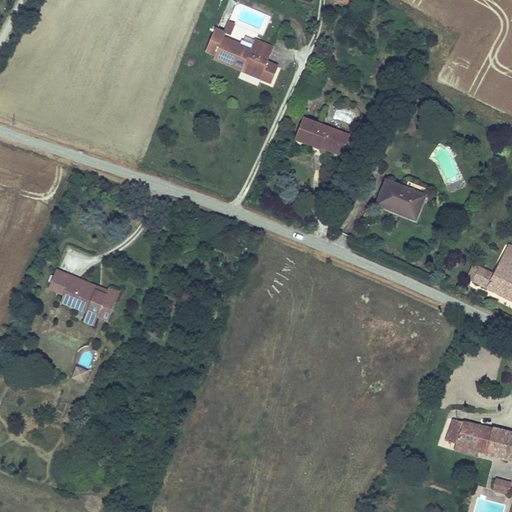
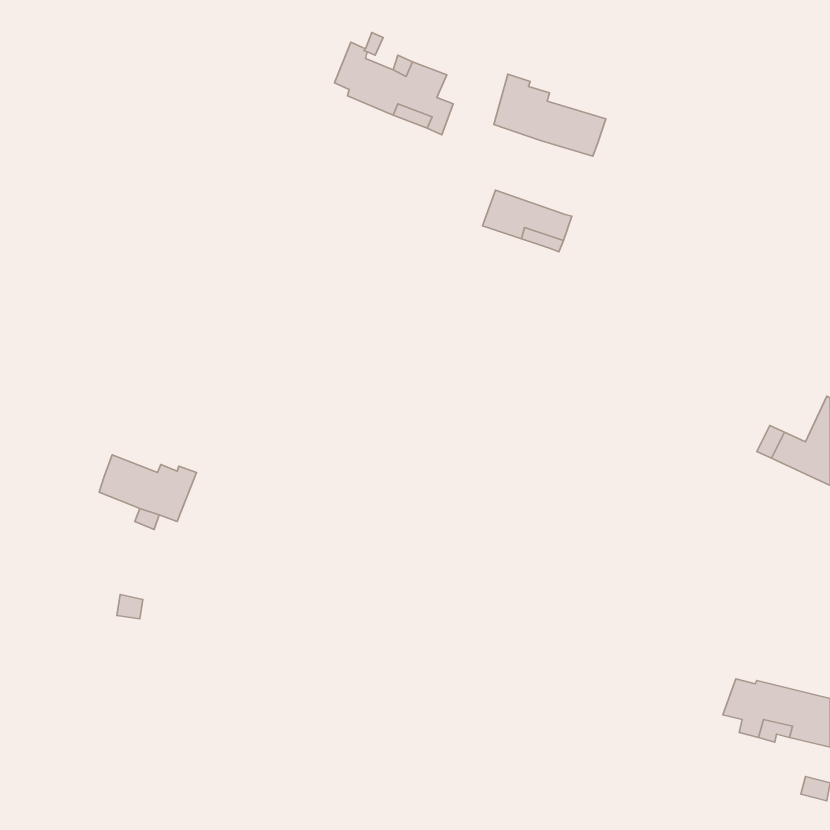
building: none -> [494,74,606,156]
building: [376,177,428,222] -> none
building: [49,269,99,294] -> none

